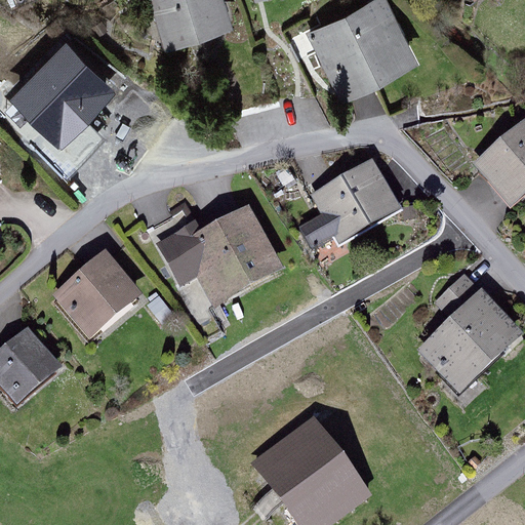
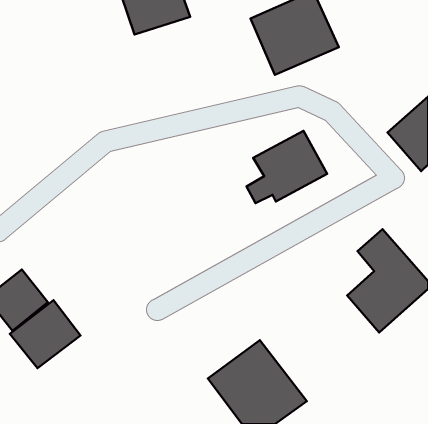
building: [4,40,109,143] -> none
building: [155,208,282,309] -> none
building: [53,255,139,338] -> [10,300,80,368]

